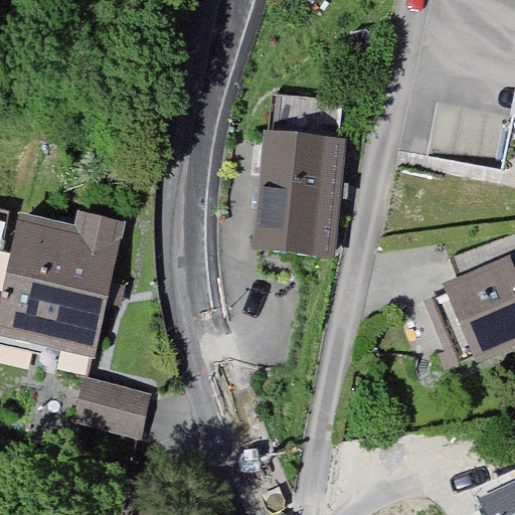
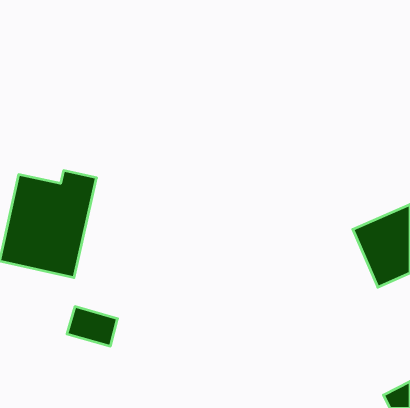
building: [260,97,342,252] -> none

